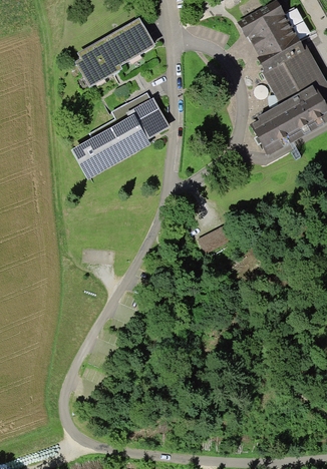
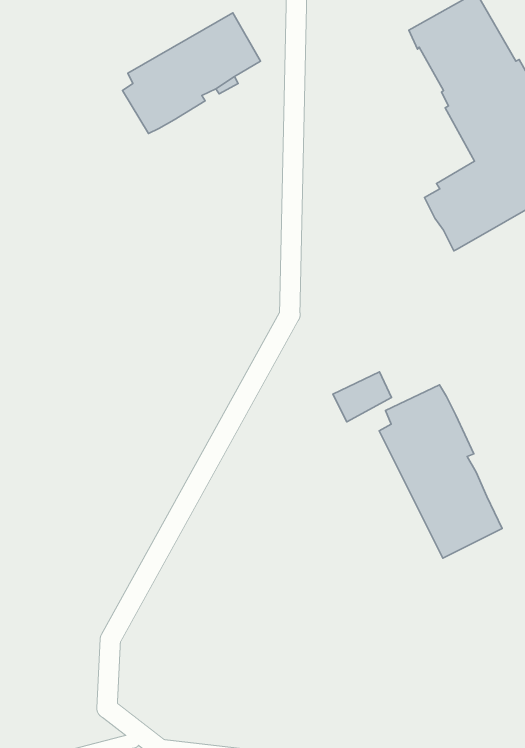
building: [71,91,171,178] -> none
building: none -> [379,385,502,558]

